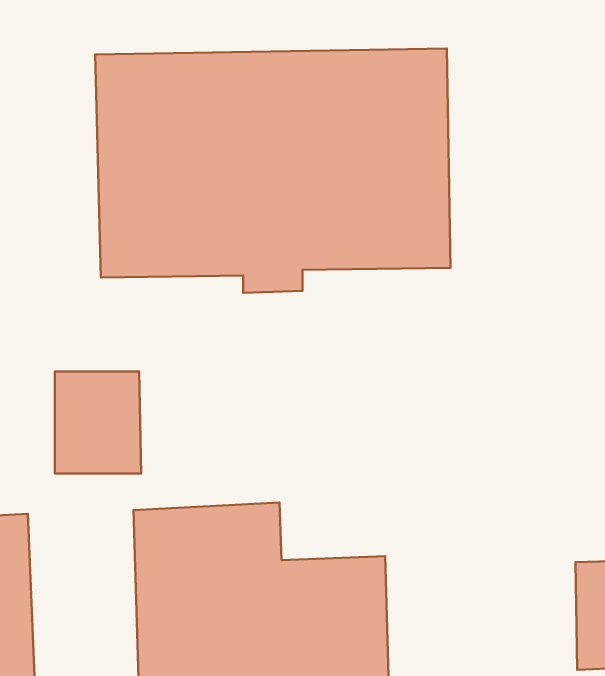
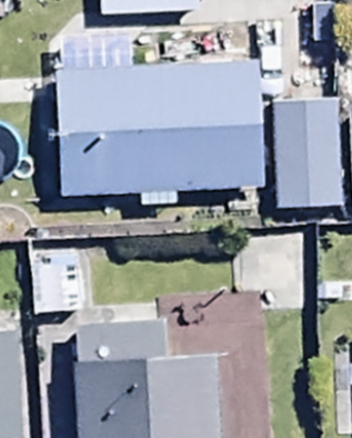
building: none -> [274,101,339,210]

